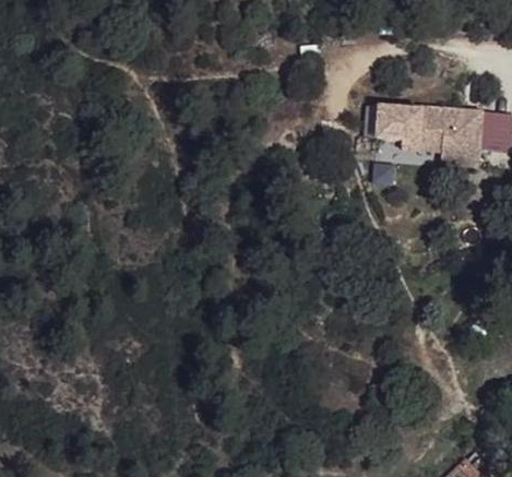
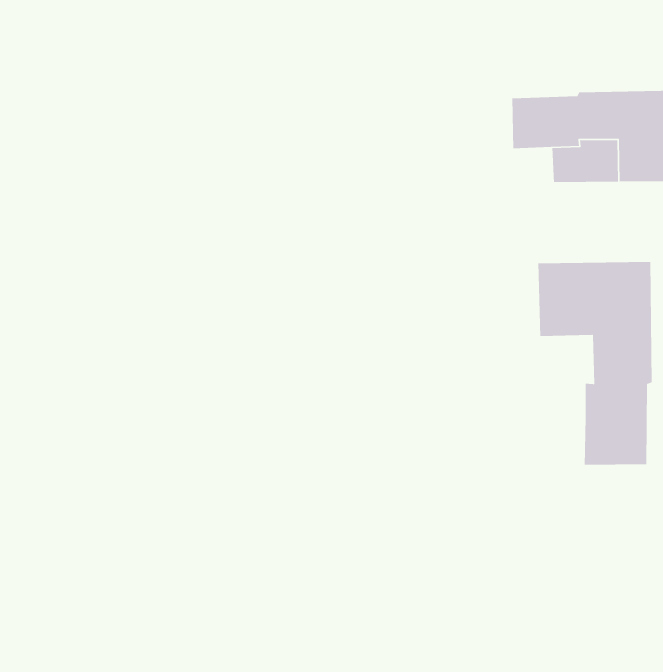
building: none -> [538,261,652,465]

